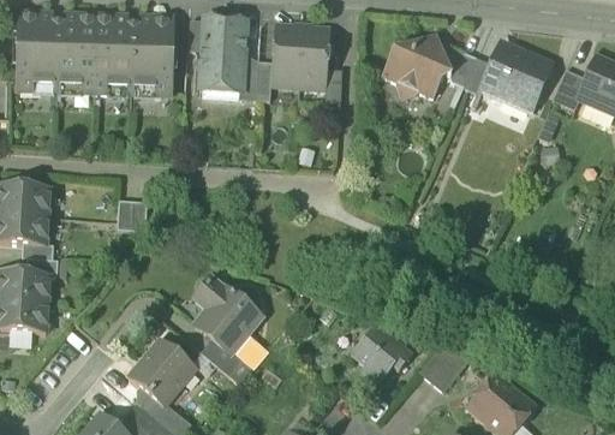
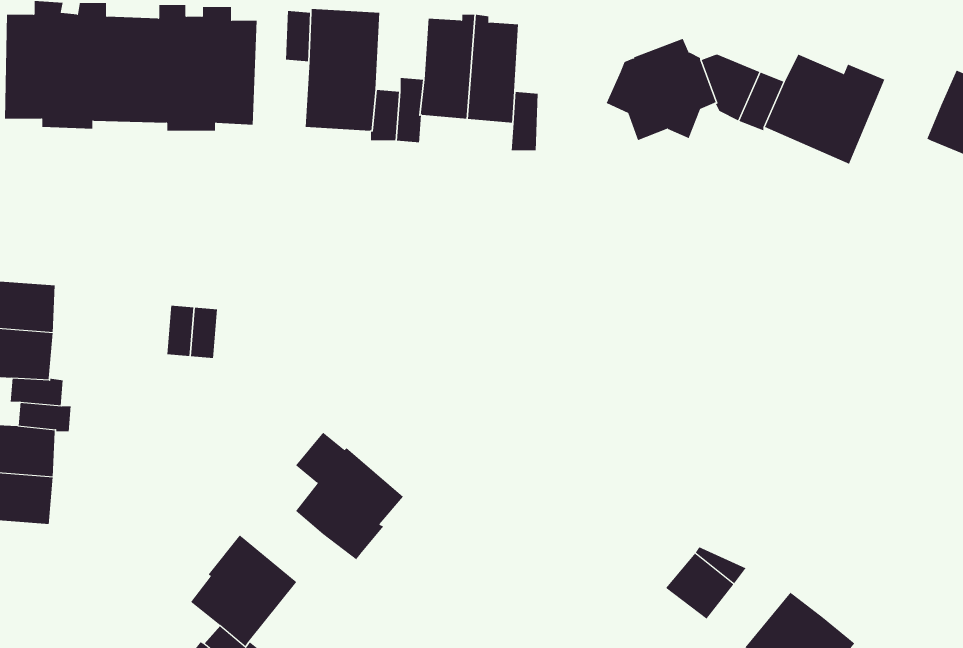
building: [553,68,586,109] -> none
building: [351,323,412,382] -> none
building: [201,338,244,375] -> none

